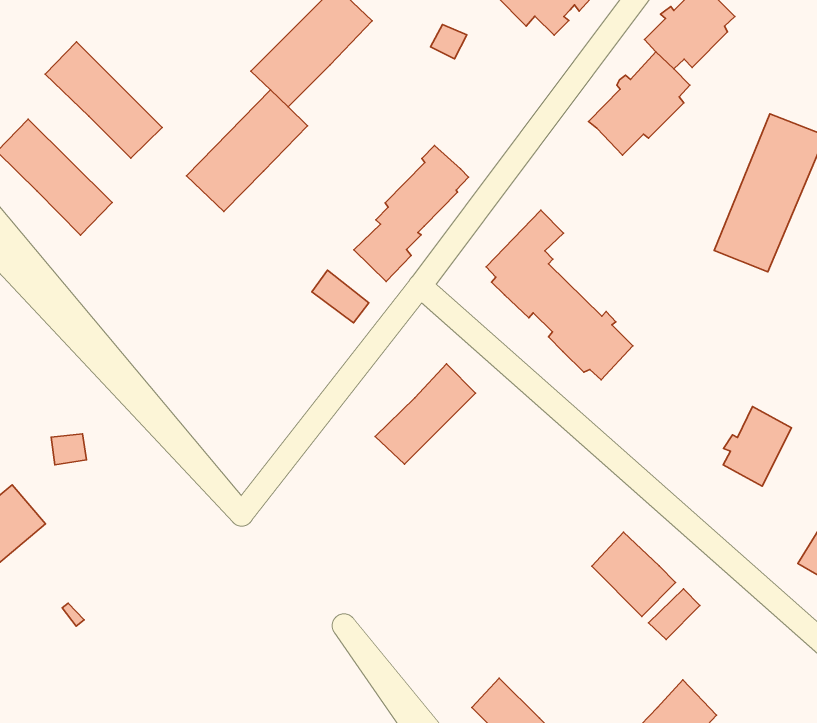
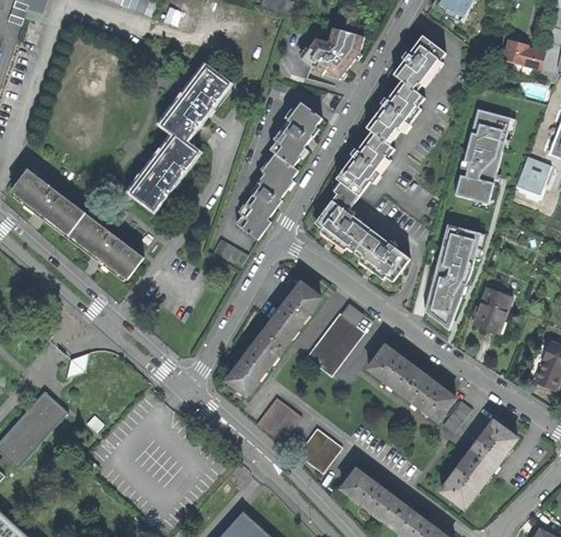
building: [45,42,162,158] -> [69,213,144,278]
building: none -> [270,102,325,165]
building: none -> [335,130,394,196]
building: none -> [421,224,481,332]
building: none -> [305,306,363,377]
building: none -> [226,333,282,397]
building: none -> [367,346,419,395]
building: none -> [255,399,300,444]
building: none -> [296,430,341,475]
building: none -> [466,421,516,475]

